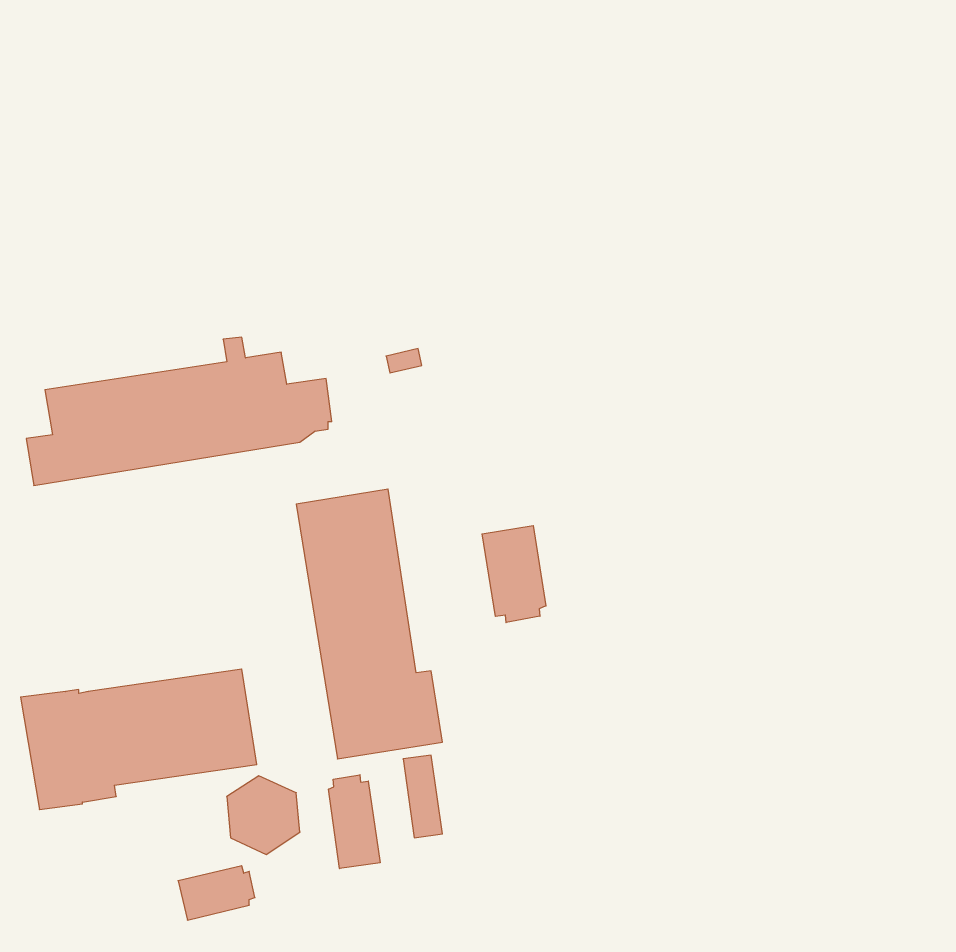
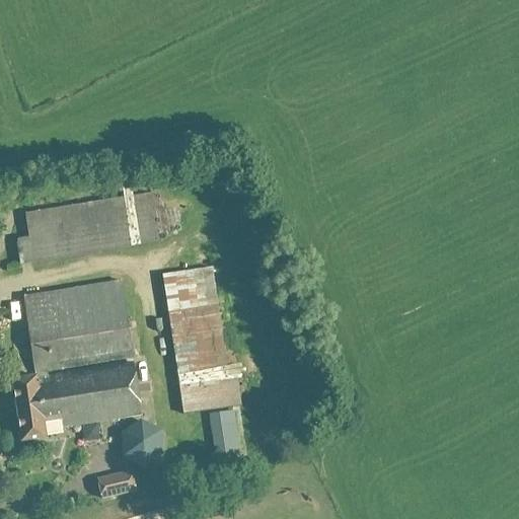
building: none -> [23,280,131,374]
building: [482,526,546,623] -> none
building: [329,775,380,869] -> none

